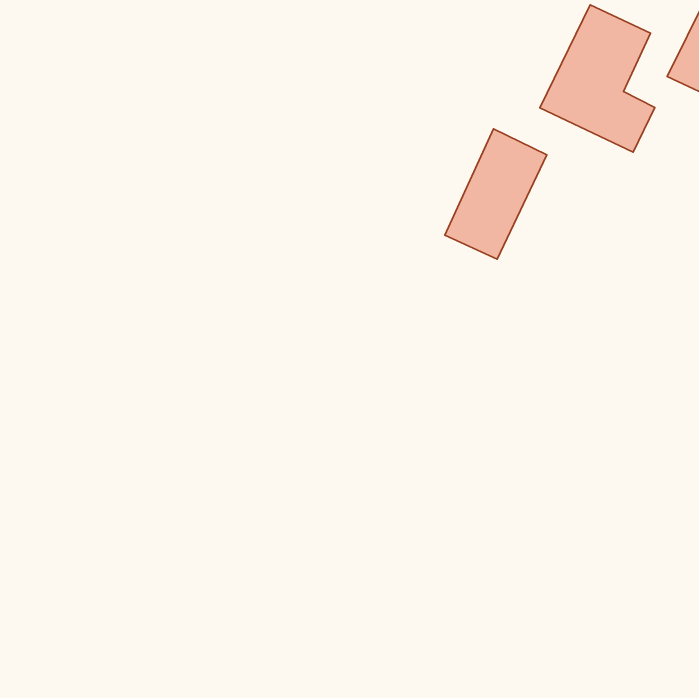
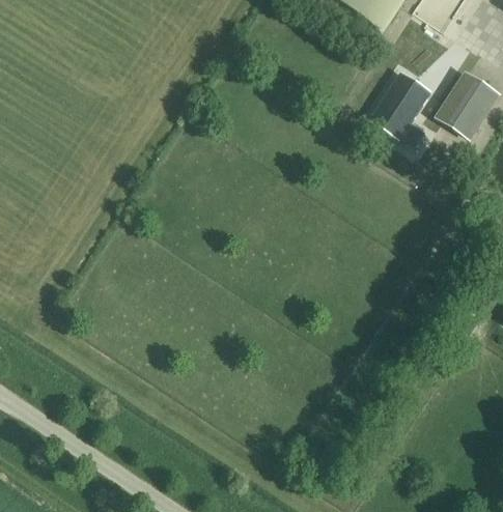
building: [445,129,547,259] -> none

